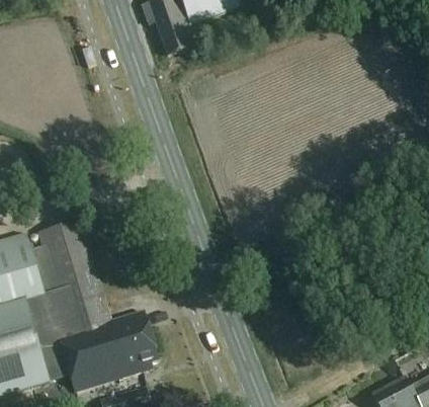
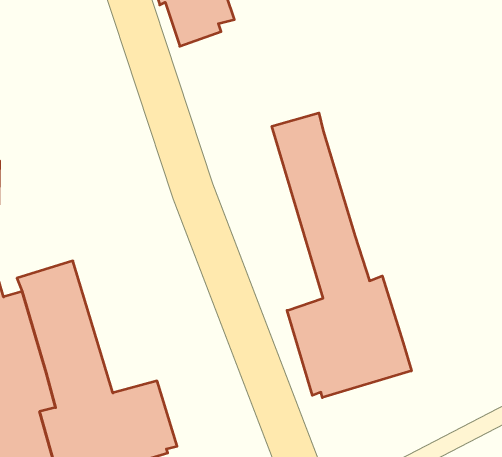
building: none -> [272,113,411,398]

